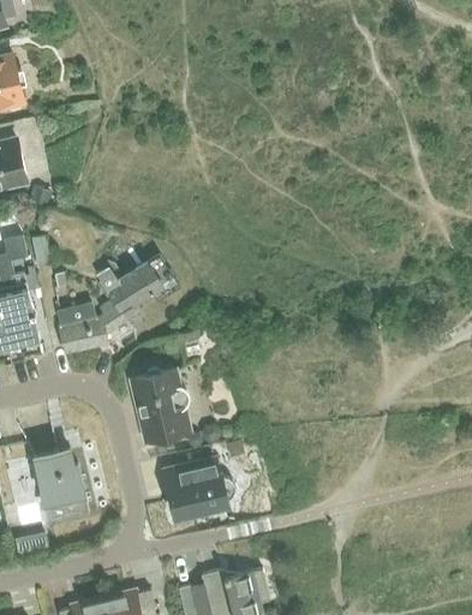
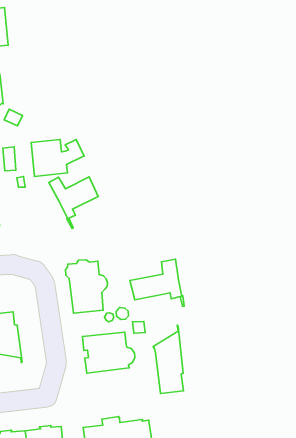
building: [55,299,126,353] -> [31,140,84,176]
building: none -> [130,259,184,306]
building: none -> [153,325,184,394]

